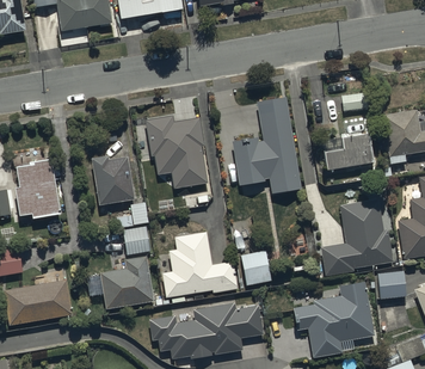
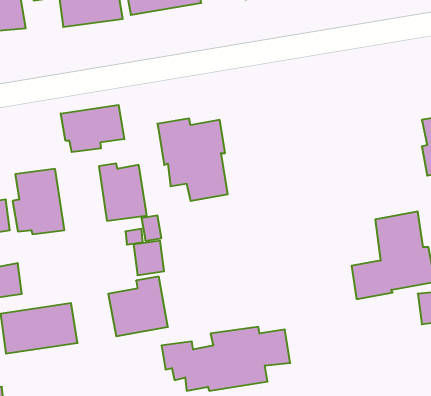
building: [230,91,301,187] -> none
building: none -> [61,105,124,152]
building: [324,130,372,170] -> none
building: [161,230,239,297] -> none
building: [241,250,272,284] -> none
building: [294,282,376,357] -> none

